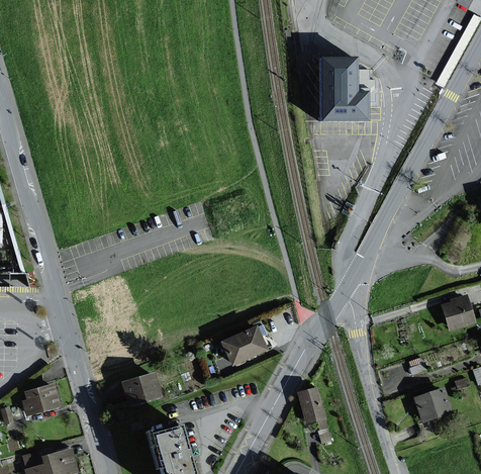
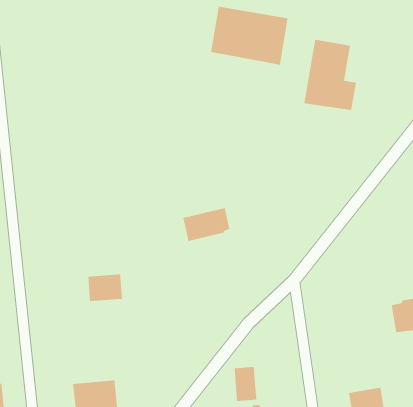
building: none -> [210,6,288,65]
building: [220,325,269,365] -> [182,208,230,241]
building: [122,373,161,405] -> [87,274,123,302]

